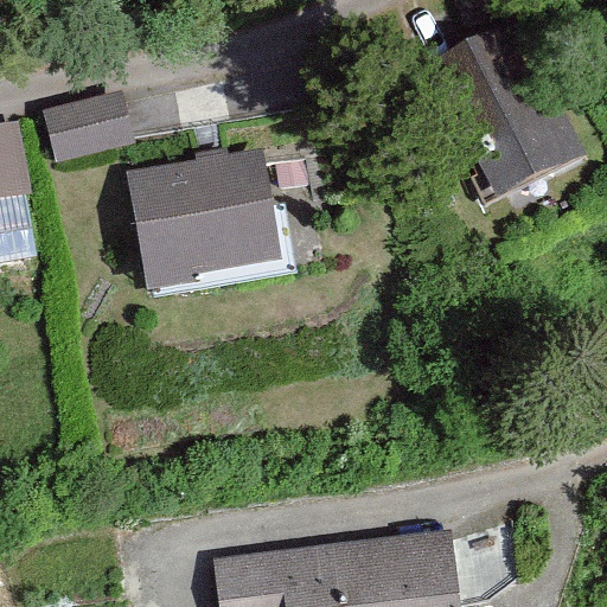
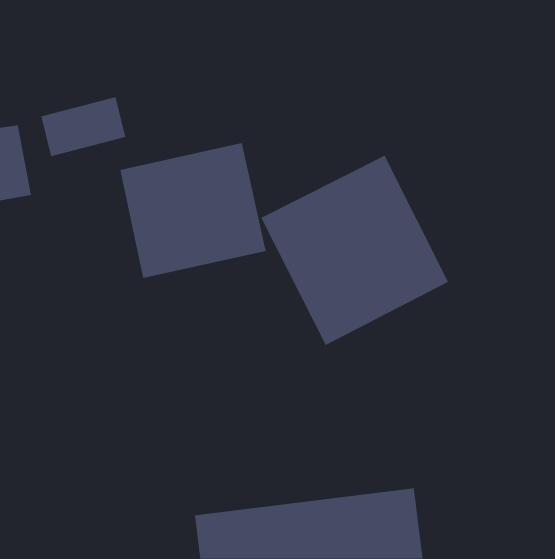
building: [424,21,574,194] -> none
building: none -> [261,155,449,346]

